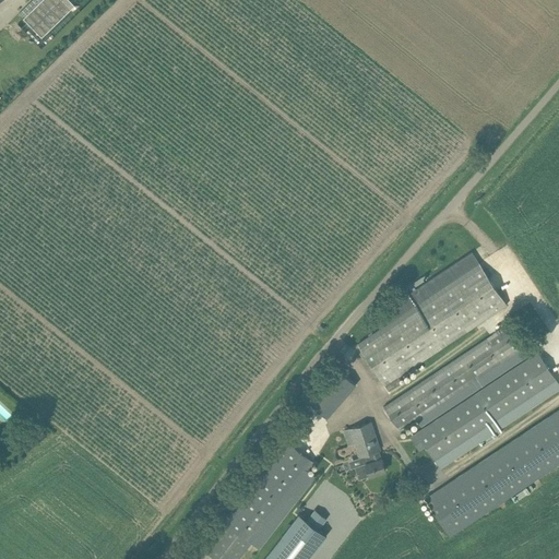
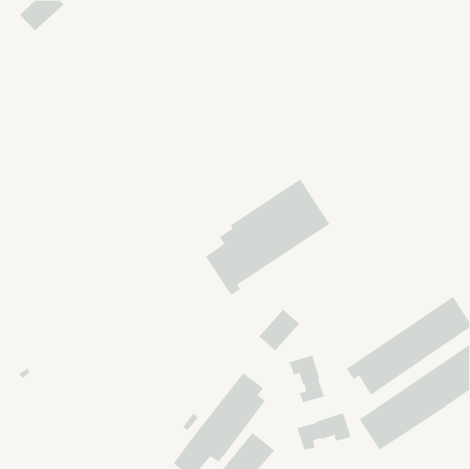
building: [358,252,507,391] -> [205,179,330,295]
building: [384,323,532,431] -> none
building: none -> [297,413,351,451]

